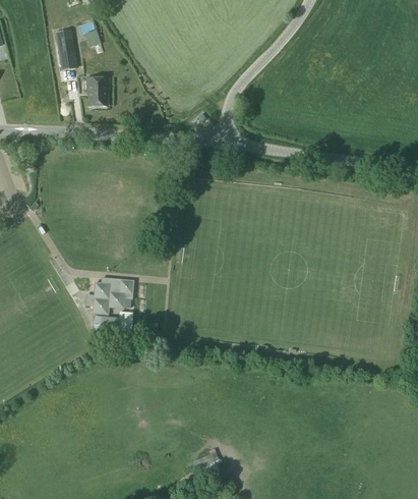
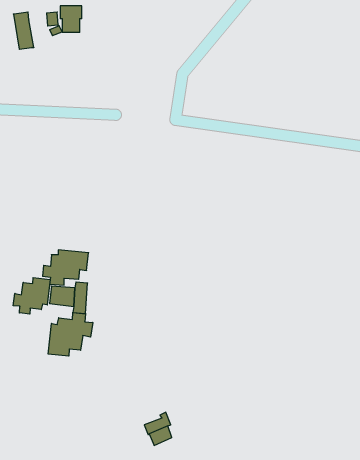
building: [86,77,109,105] -> [60,6,82,32]
building: none -> [13,278,50,314]
building: none -> [48,312,93,356]

